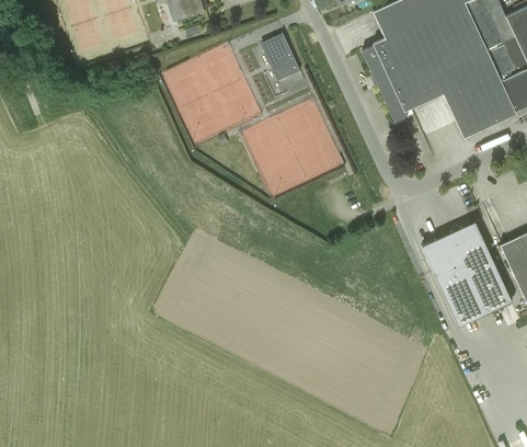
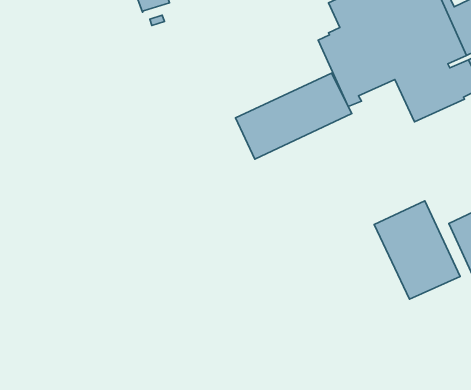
building: [263,32,300,80] -> none
building: none -> [235,73,352,159]

